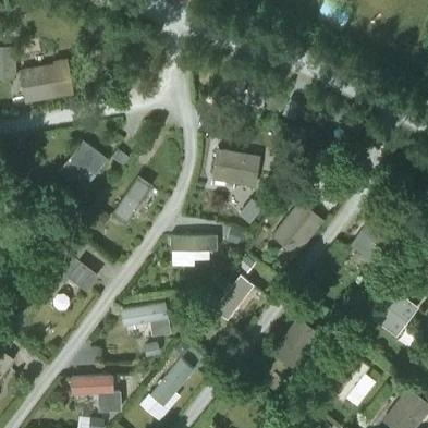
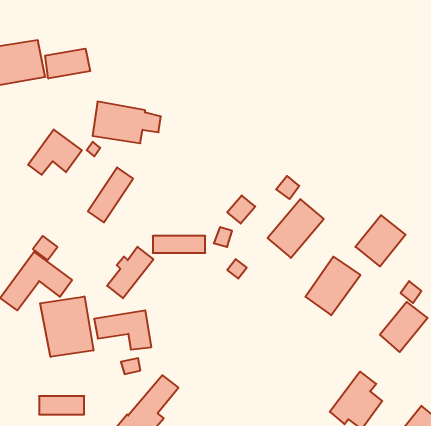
building: none -> [45,49,90,79]
building: [212,149,273,186] -> [93,102,161,143]
building: [211,277,253,322] -> [107,247,153,298]
building: none -> [40,296,93,357]
building: [272,318,321,370] -> [305,257,360,315]

